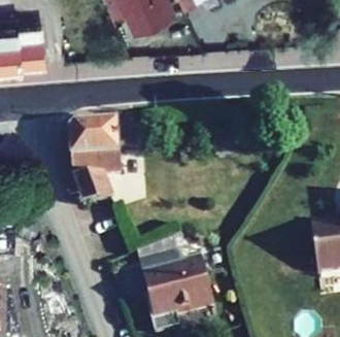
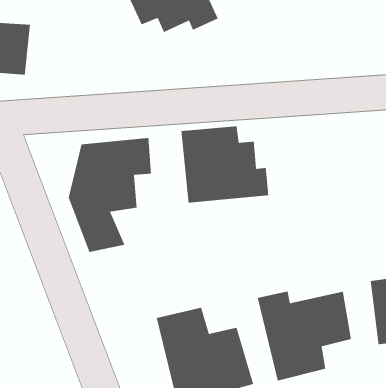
building: none -> [180,125,269,204]
building: none -> [257,291,352,382]

